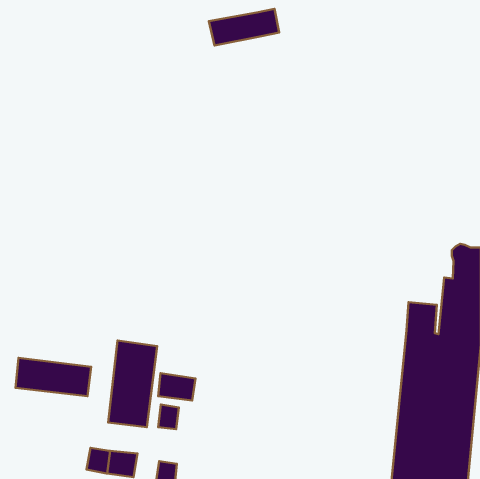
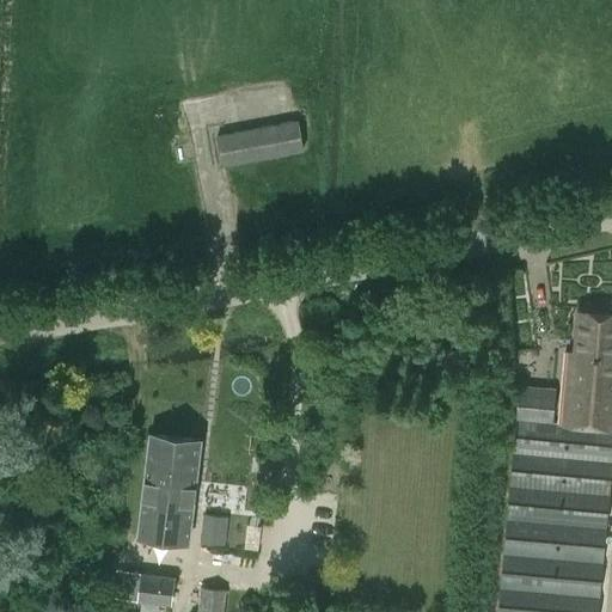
building: [209,9,279,46] -> [215,122,305,169]
building: [16,358,91,396] -> none
building: [158,373,196,400] -> none

